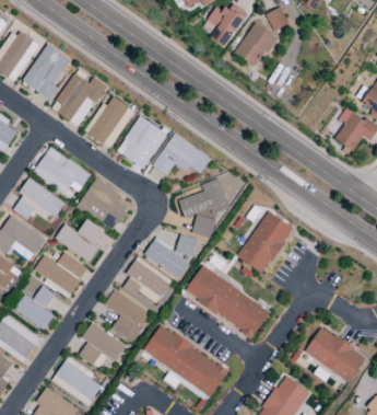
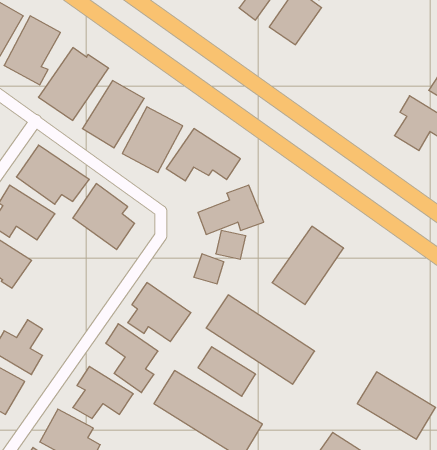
building: [56,219,104,262] -> none
building: [144,239,190,278] -> [198,347,256,396]
building: [35,252,89,296] -> none

